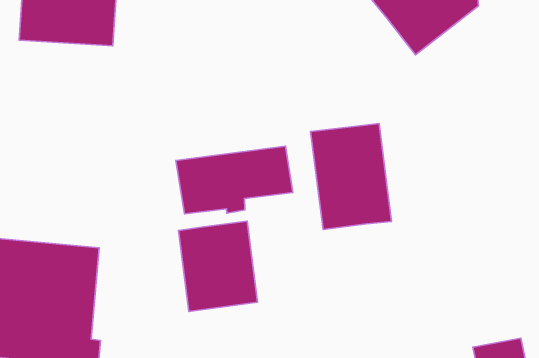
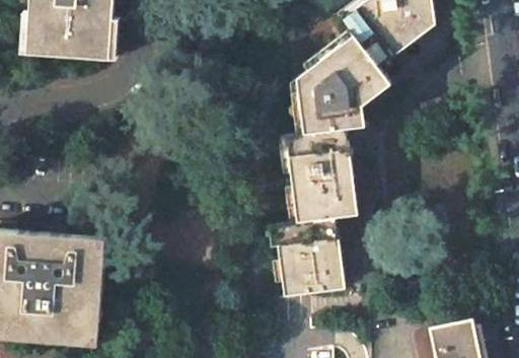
building: none -> [296,35,390,134]
building: [176,146,293,214] -> none
building: [179,221,257,311] -> [274,218,344,298]

